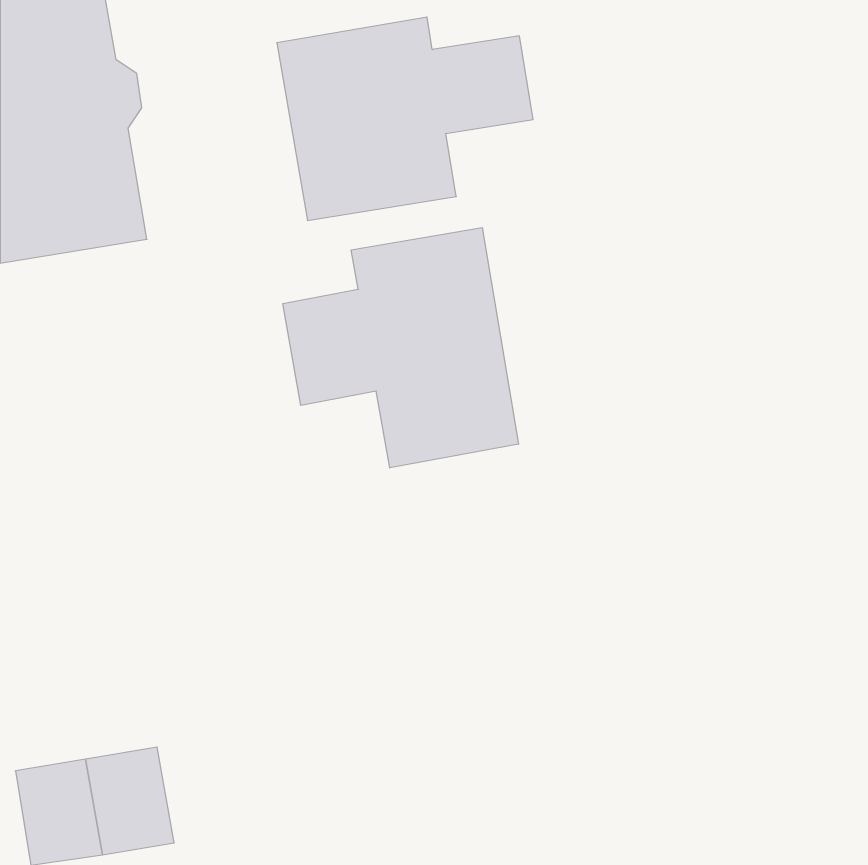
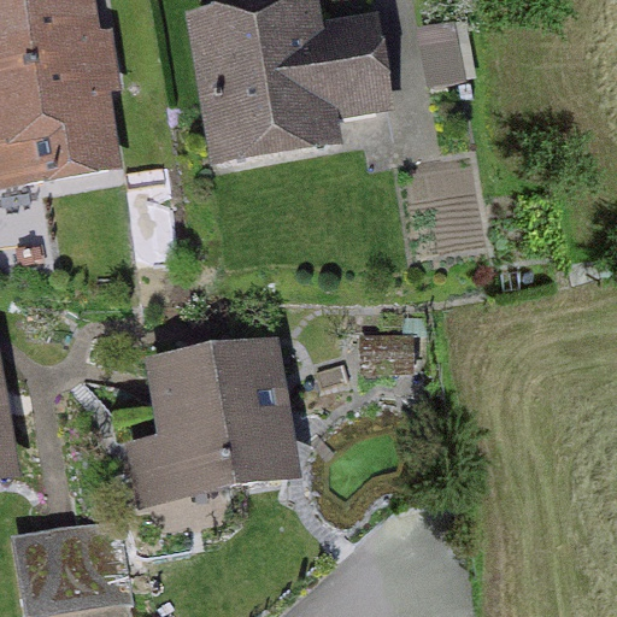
building: [283,228,519,468] -> none
building: none -> [158,354,284,486]

